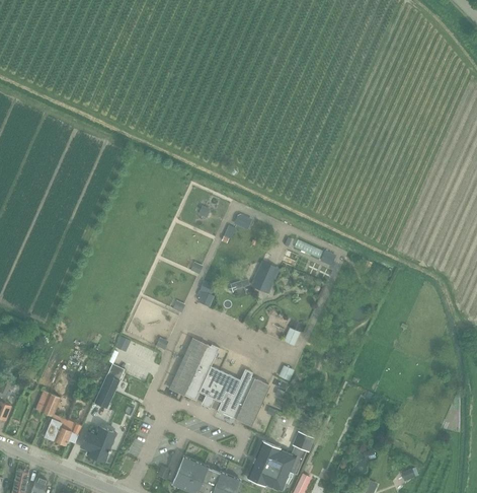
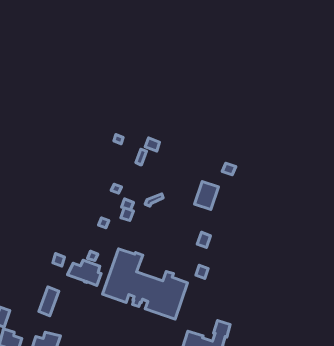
building: [249,261,279,294] -> [194,181,218,210]
building: none -> [68,260,101,285]

